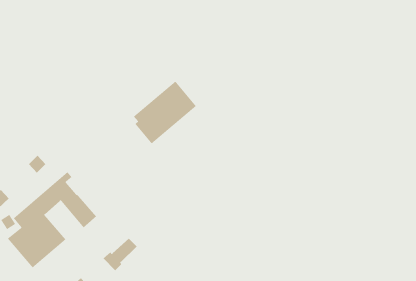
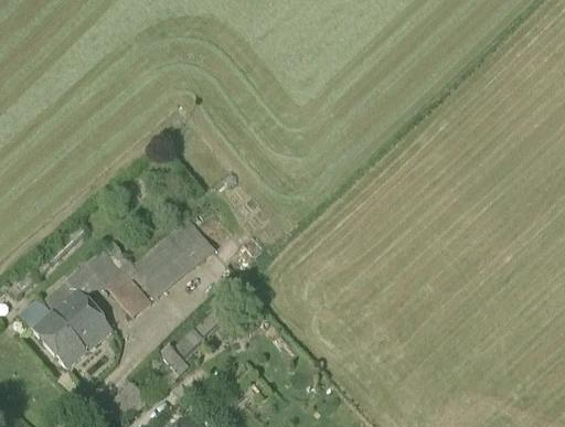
building: [133,80,197,145] -> [131,217,214,300]

